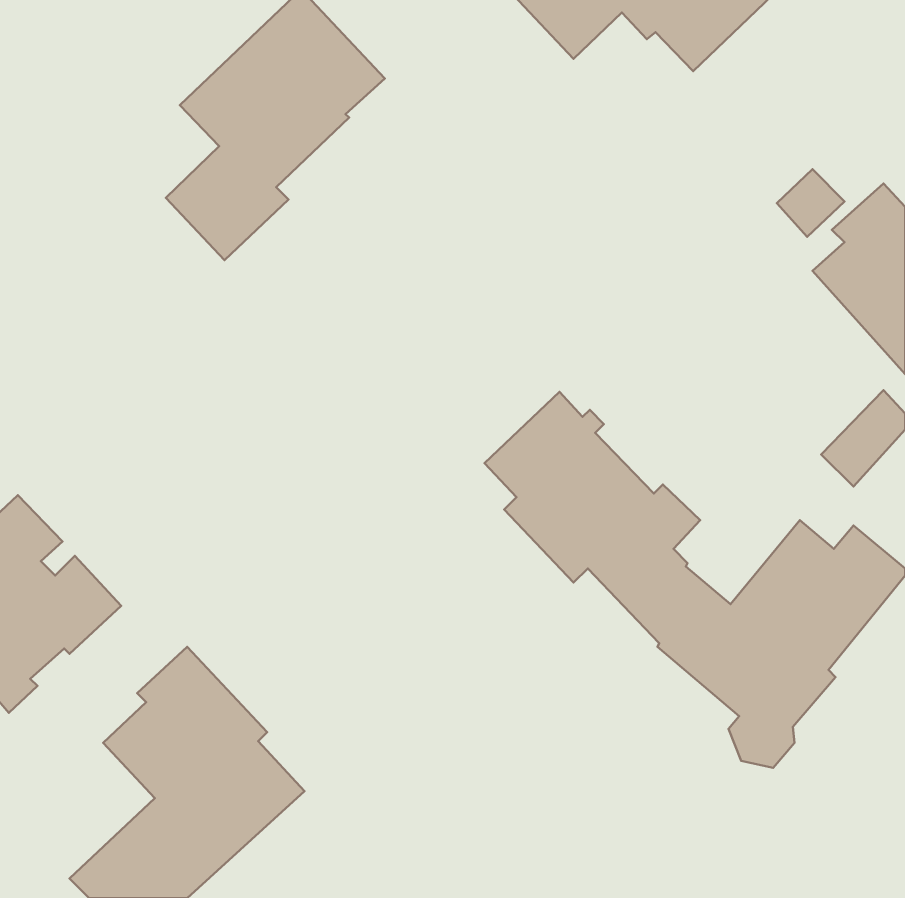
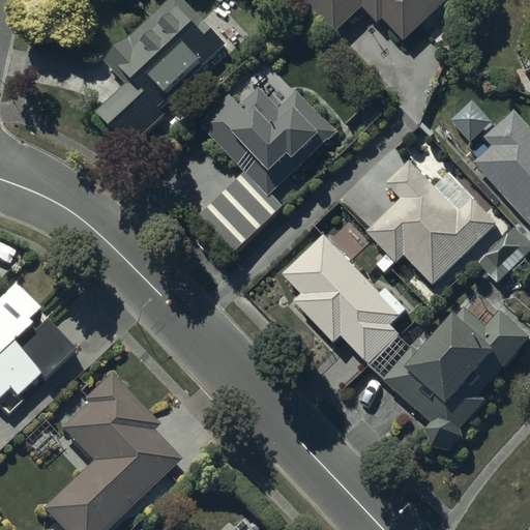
building: none -> [199,87,335,253]
building: none -> [365,163,498,286]

